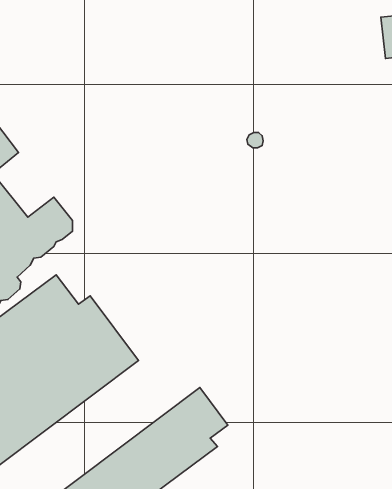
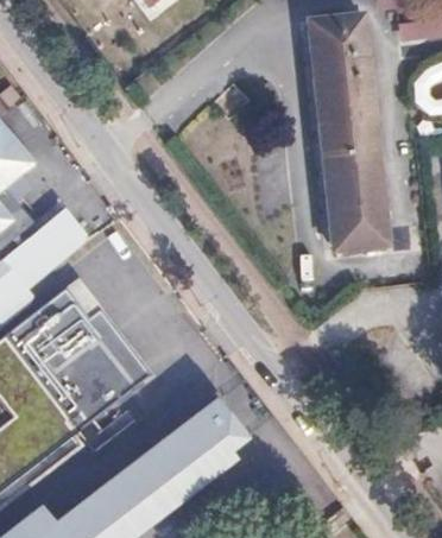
building: none -> [309,17,389,251]

